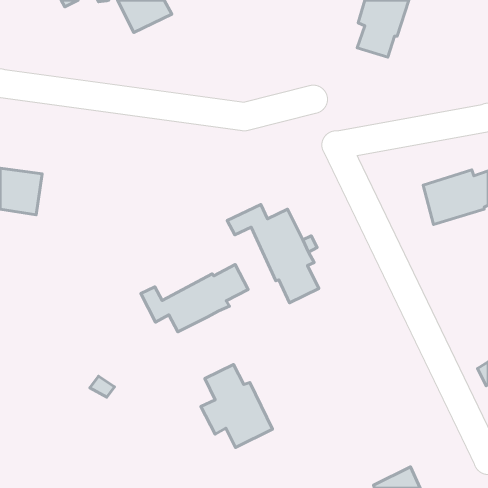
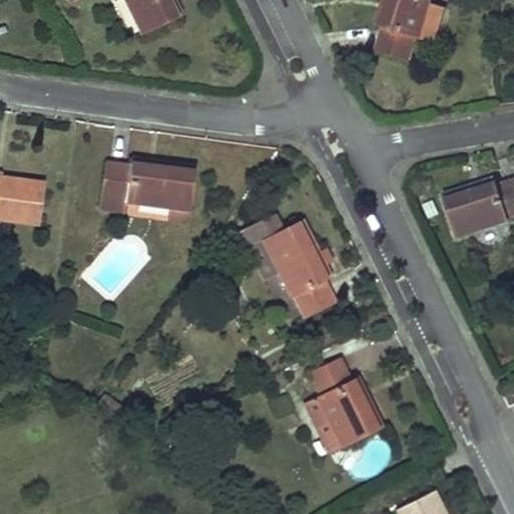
building: none -> [99,160,195,214]
building: [141,264,248,332] -> none
building: [201,364,273,447] -> [305,358,380,446]

